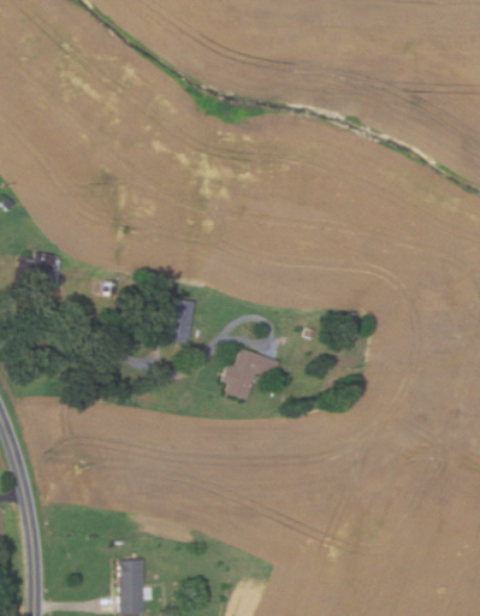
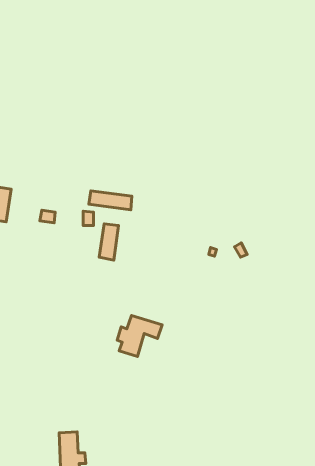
building: none -> [89,191,132,210]
building: [223,349,279,401] -> [117,315,162,357]

